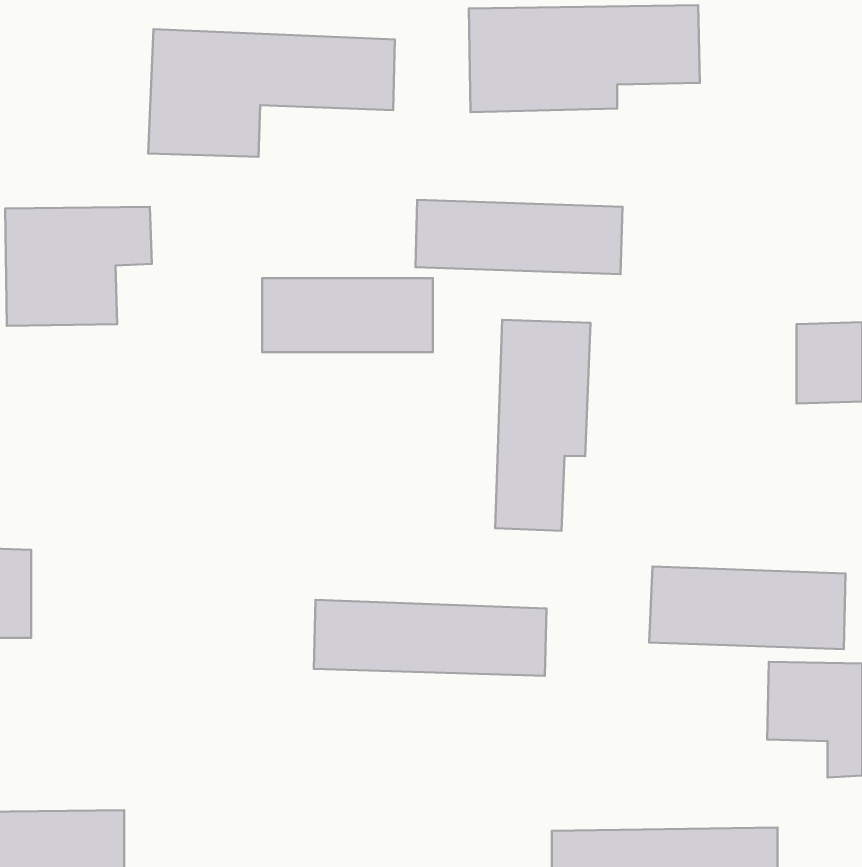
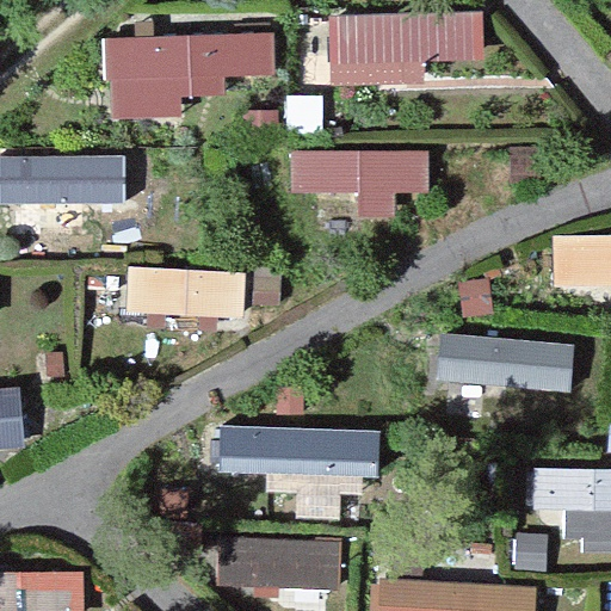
building: [262,278,433,352] -> [126,269,245,320]
building: [495,320,591,531] -> none
building: [649,567,846,649] -> [437,334,573,391]
building: none -> [214,537,341,593]

